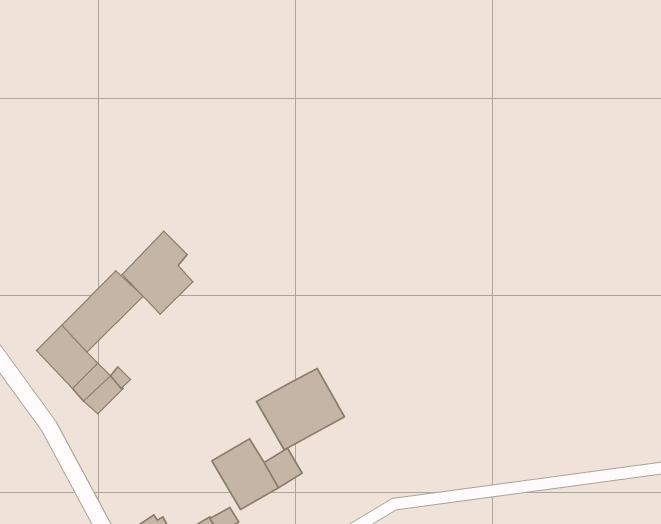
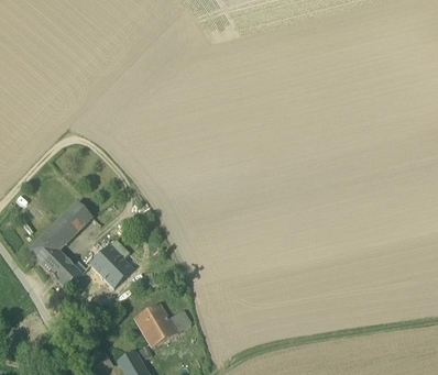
building: [122,231,193,314] -> [90,236,133,287]
building: [257,368,345,450] -> none

